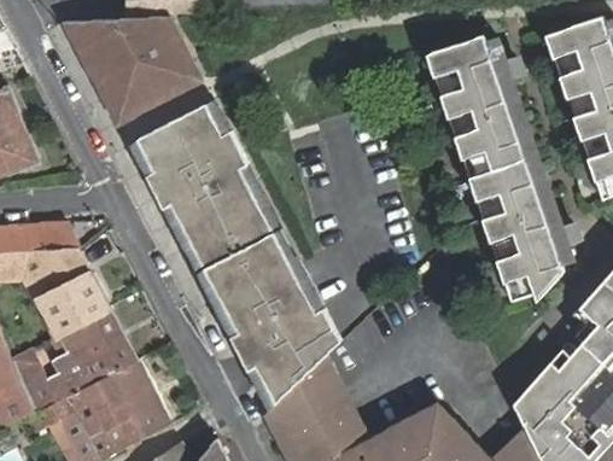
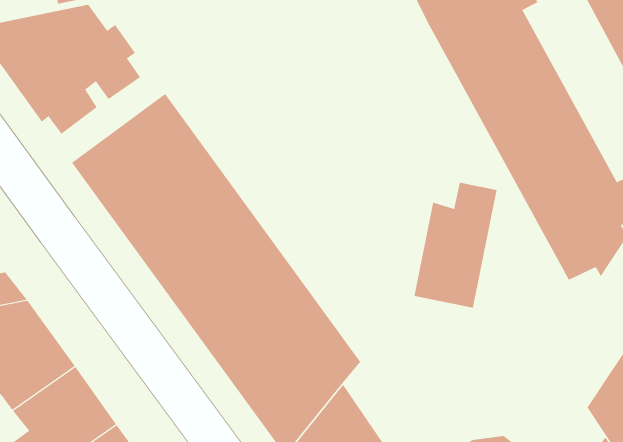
building: none -> [414,182,497,309]

